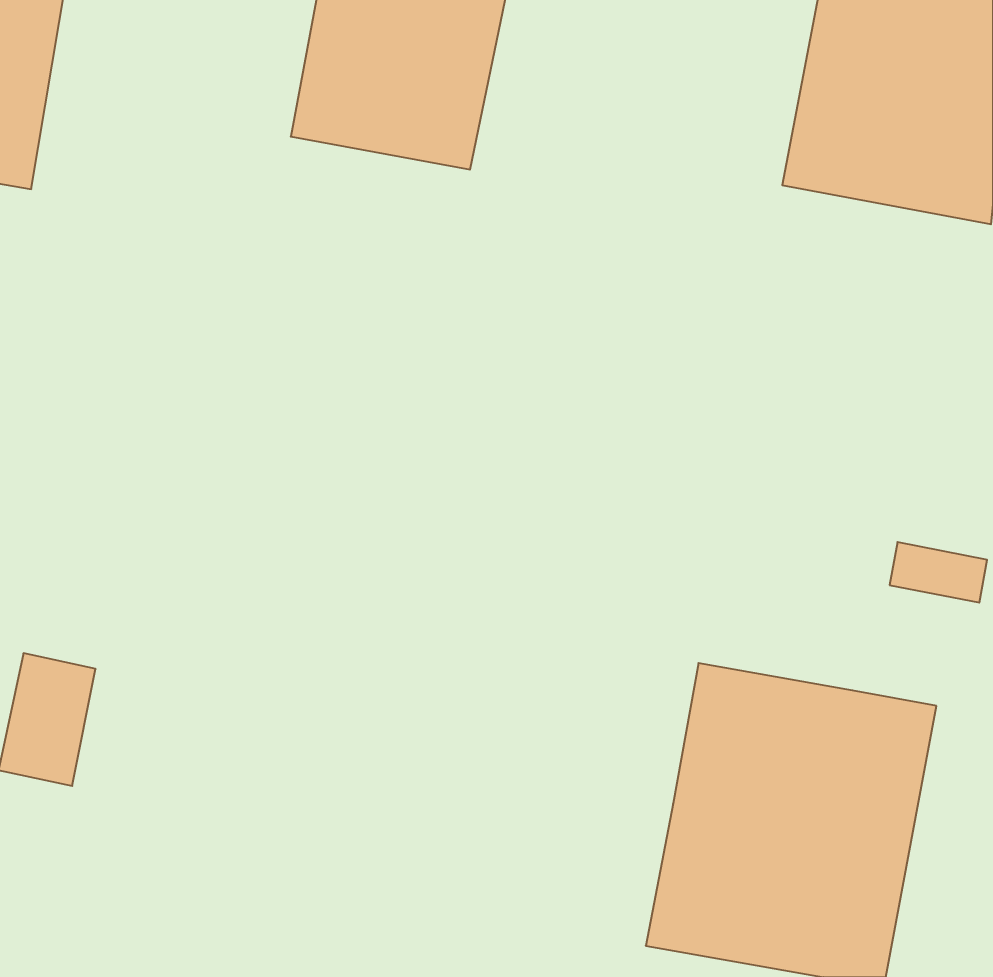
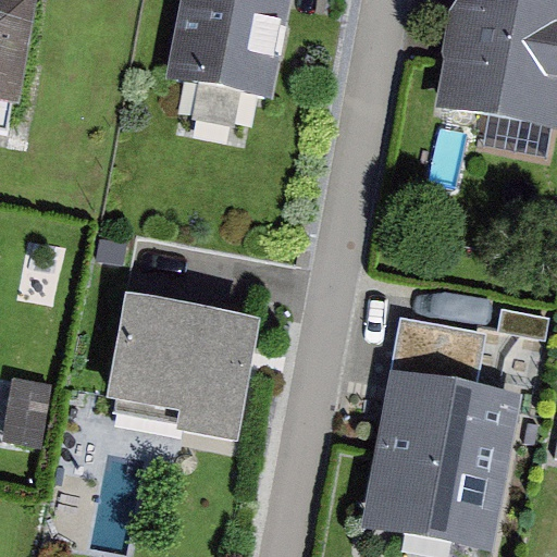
building: none -> [107,297,259,444]
building: none -> [389,313,485,385]

